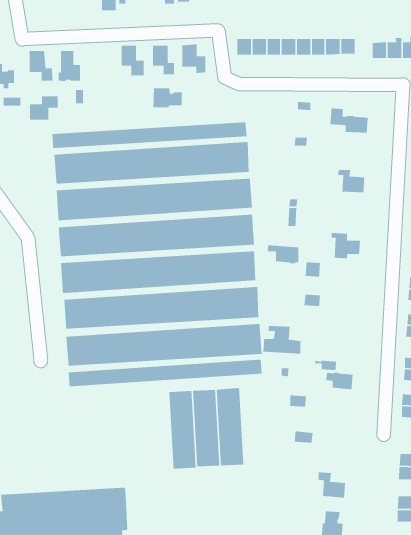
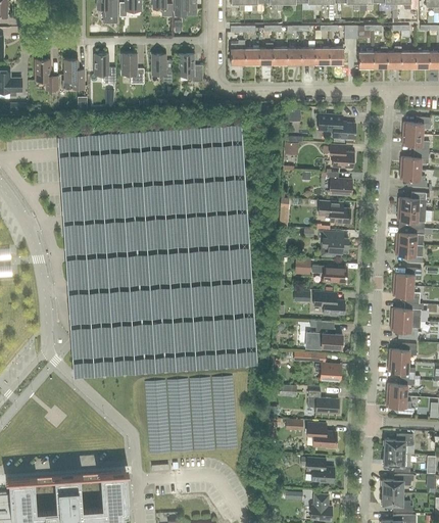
building: none -> [93,54,115,83]
building: [153,88,183,108] -> none
building: [29,96,58,121] -> none
building: none -> [323,143,353,167]
building: none -> [318,199,350,225]
building: [267,245,299,264] -> [315,265,346,283]
building: none -> [313,291,344,315]
building: [262,325,301,354] -> [305,320,342,347]
building: none -> [144,381,170,456]
building: none -> [307,390,339,413]
building: none -> [307,422,337,448]

